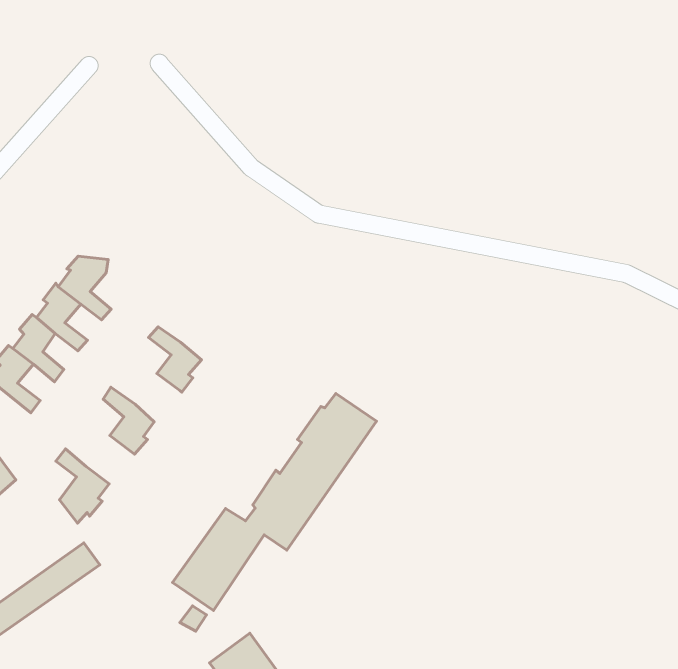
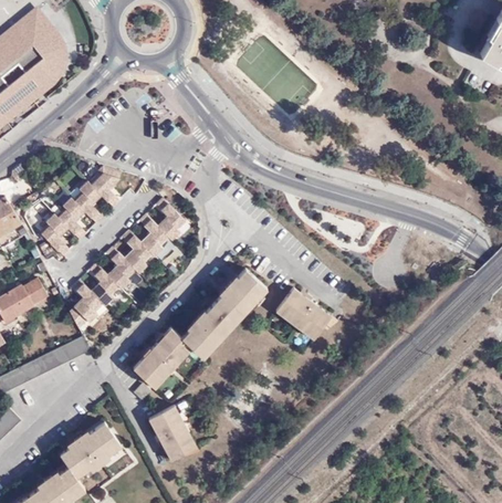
building: none -> [155,198,184,239]
building: none -> [122,230,151,272]
building: none -> [274,287,335,339]
building: none -> [88,263,117,305]

